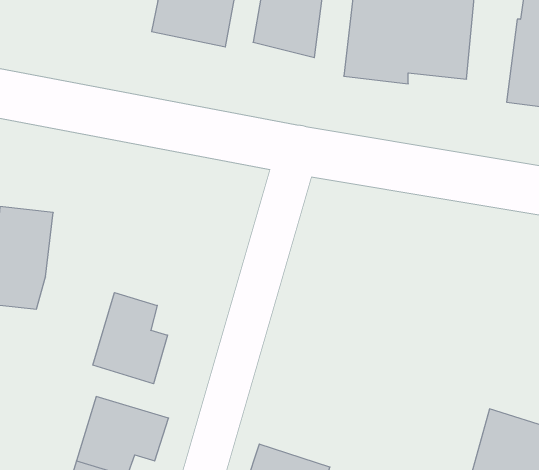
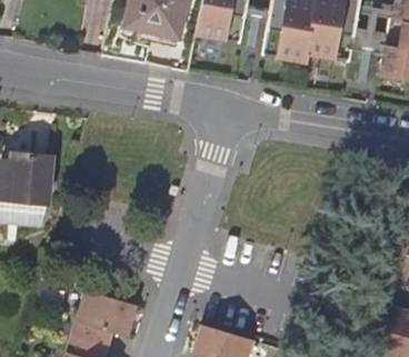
building: [93,293,168,384] -> none

